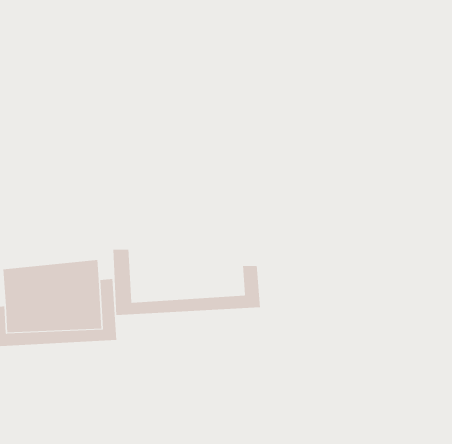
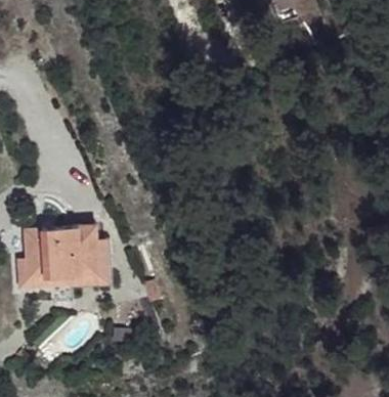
building: [113,249,260,316] -> none

